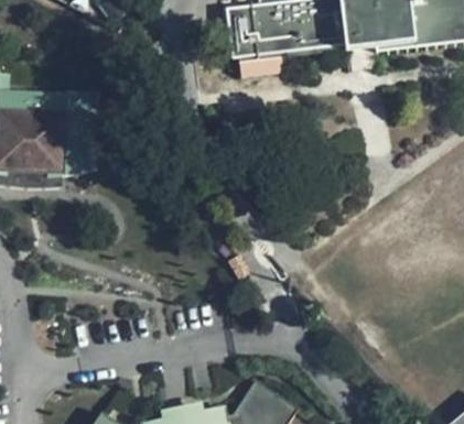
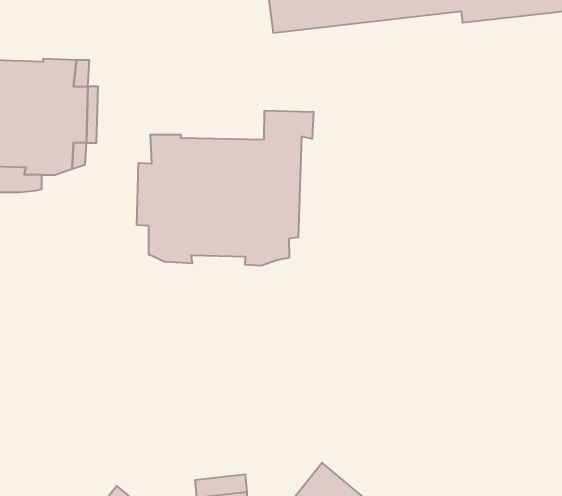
building: none -> [137,111,313,266]

